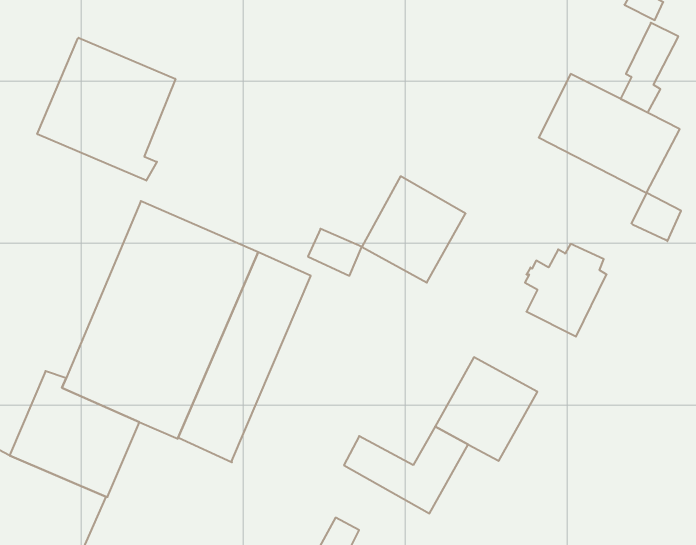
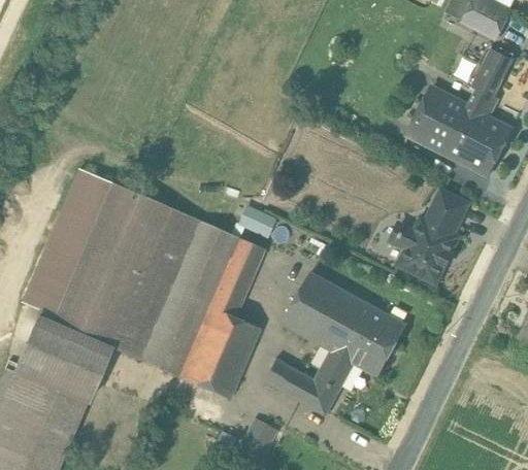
building: [37,38,175,181] -> none
building: [362,176,466,283] -> [283,271,360,350]
building: none -> [23,168,111,314]
building: [631,193,681,241] -> [431,191,468,227]
building: none -> [179,238,264,398]

